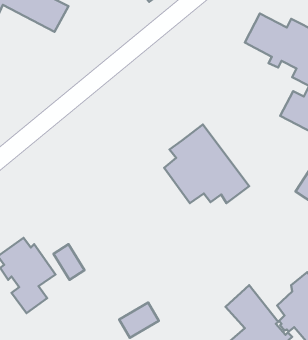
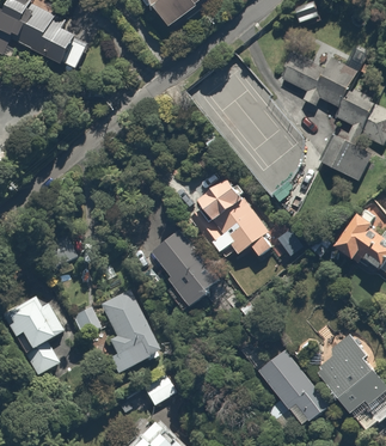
building: none -> [152,227,221,305]
building: none -> [97,287,160,374]

